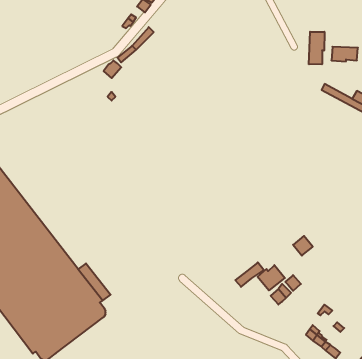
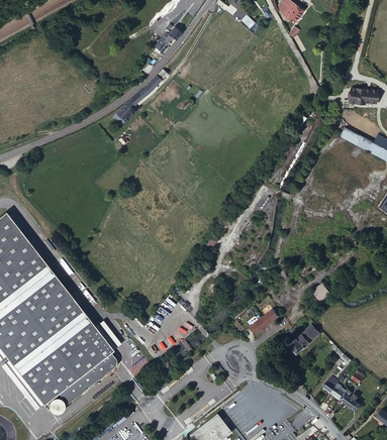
building: [309,32,324,64] -> none
building: [258,265,285,290] -> none

